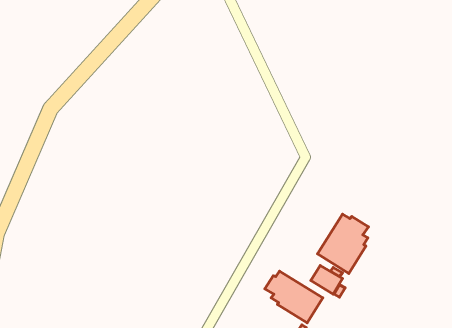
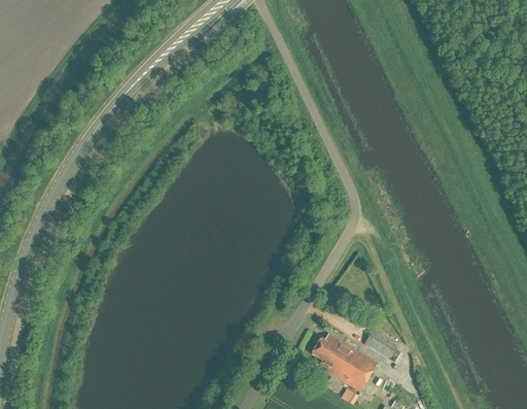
building: [317,214,368,273] -> none

